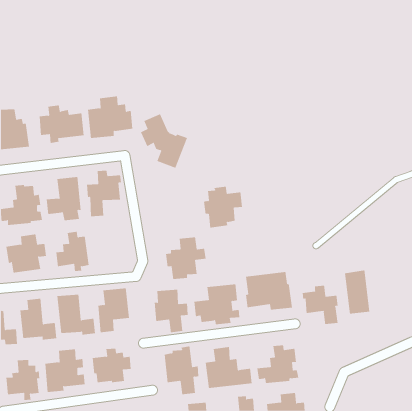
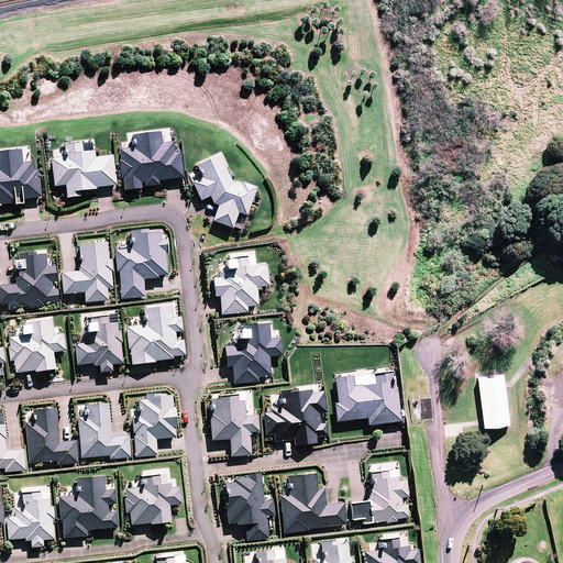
building: [203,186,243,228] -> [213,256,267,313]
building: none -> [128,305,185,363]
building: [302,285,338,325] -> none

